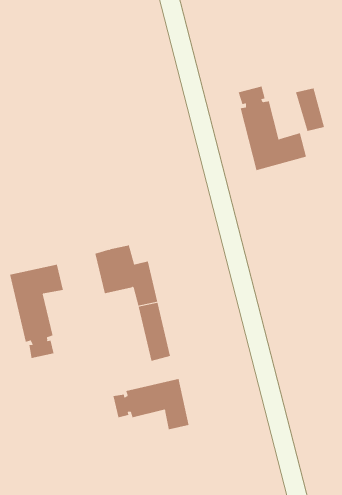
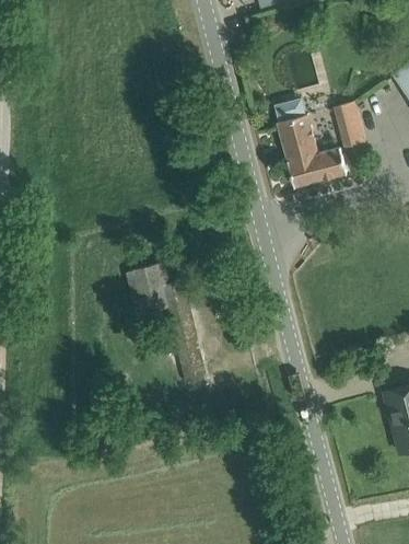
building: [9,264,63,359] -> none
building: [113,378,189,430] -> none

